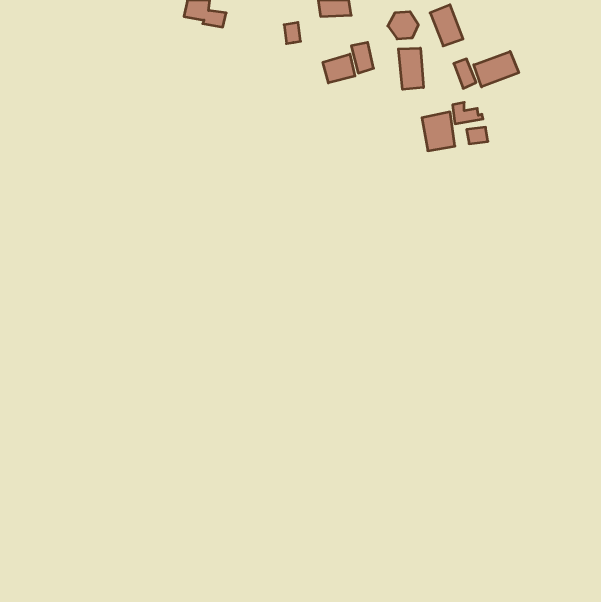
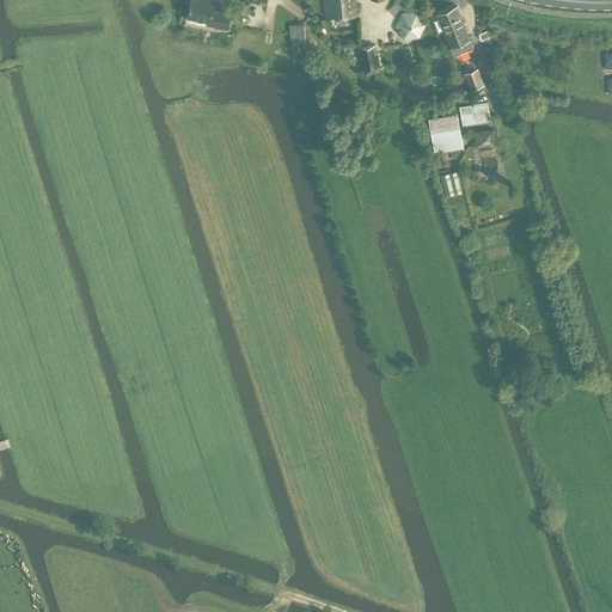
building: [398,48,423,89] -> none
building: [474,51,519,87] -> none
building: [323,54,355,83] -> none

